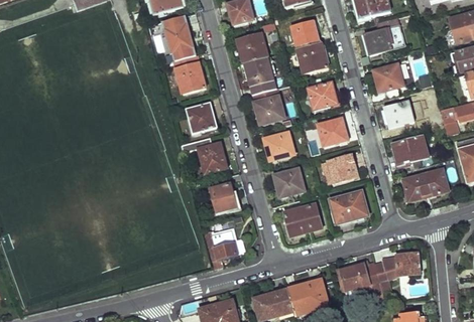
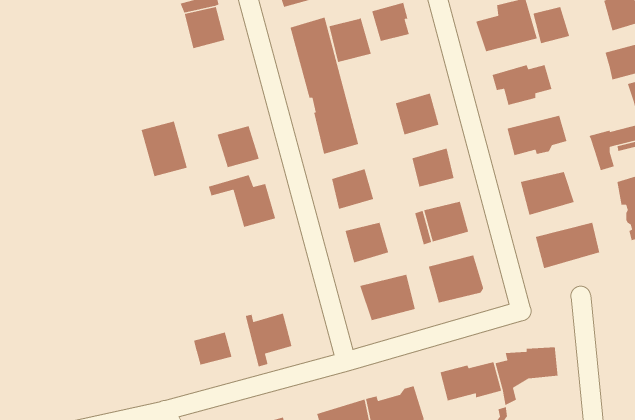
building: none -> [533,6,570,44]
building: [298,41,327,72] -> [329,17,372,63]
building: [172,55,205,94] -> [140,121,188,177]
building: [209,182,238,213] -> none
building: none -> [193,332,232,366]

